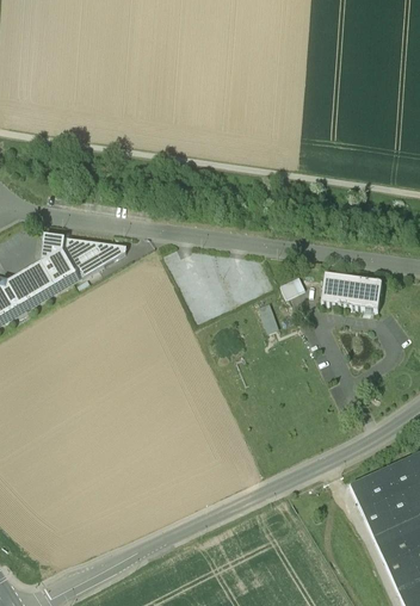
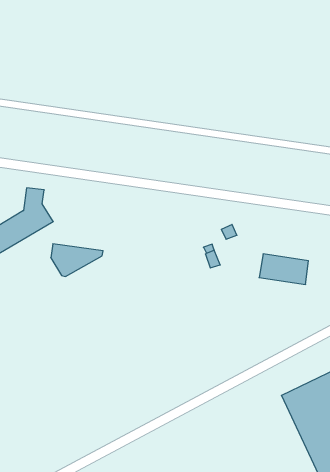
building: [63,236,126,276] -> [51,244,103,276]
building: [321,273,381,310] -> [259,254,308,284]

